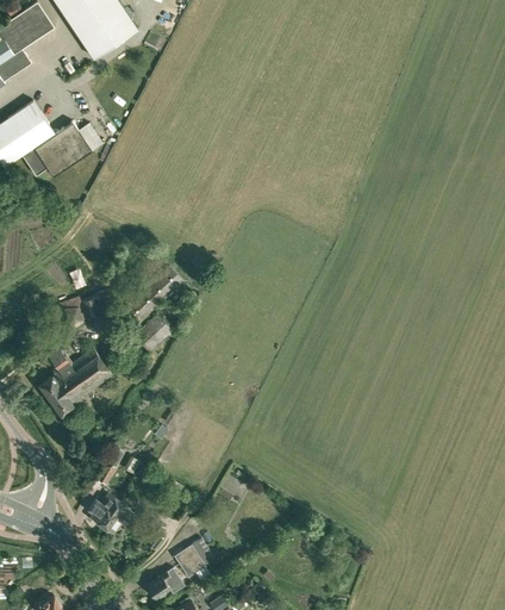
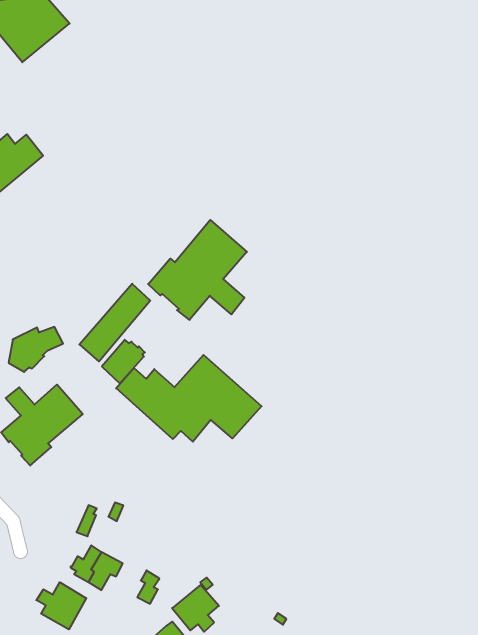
building: none -> [148,220,247,320]
building: none -> [116,355,262,442]
building: none -> [36,582,86,629]

